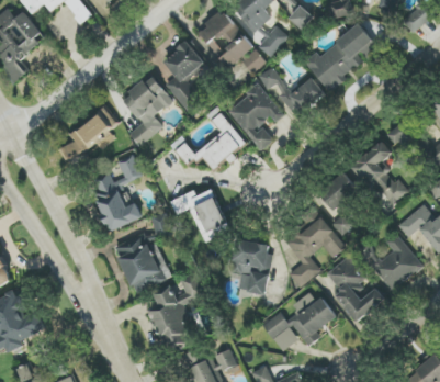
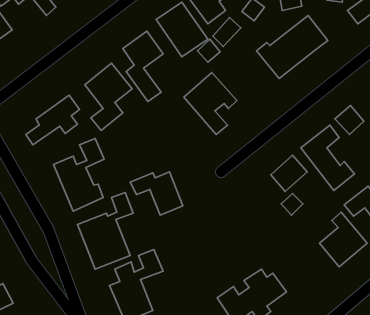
building: [263,67,325,119] -> none
building: [174,113,246,169] -> none
building: [286,216,346,288] -> none
building: [232,239,272,294] -> none
building: [323,256,384,321] -> none

